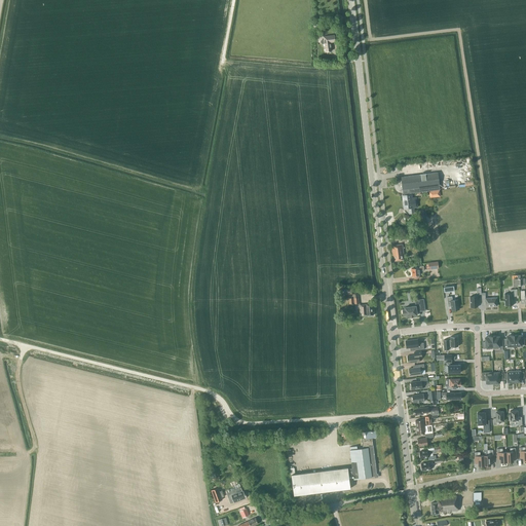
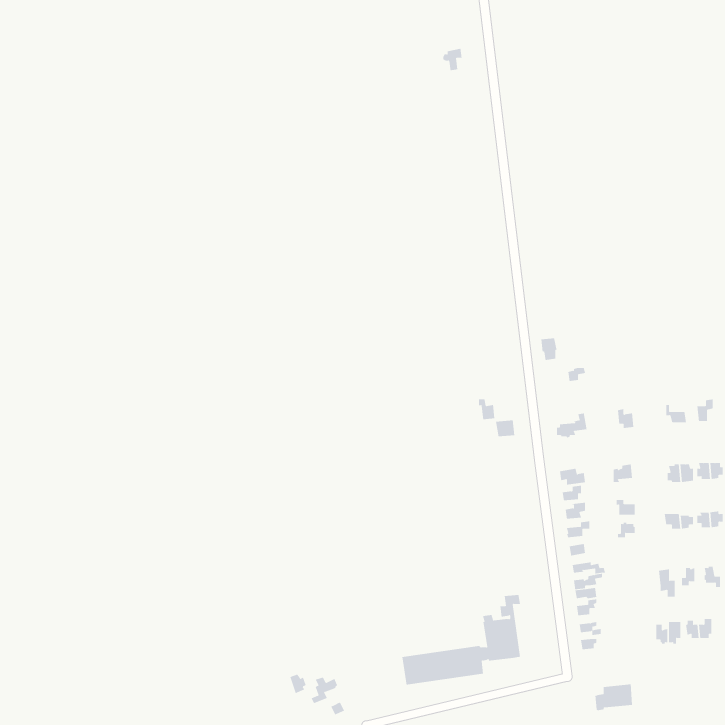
building: [394,173,440,214] -> none

